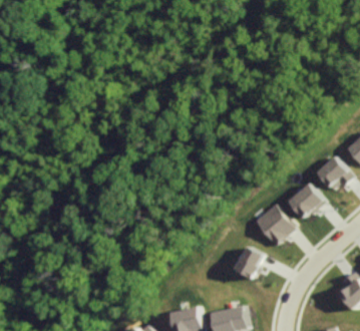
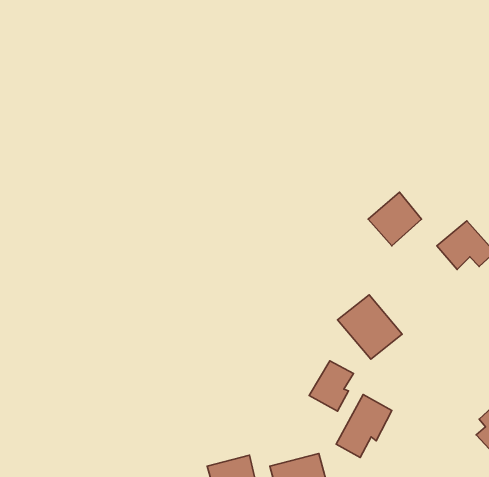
building: [286,185,320,219] -> [368,192,422,246]
building: none -> [336,395,392,457]

